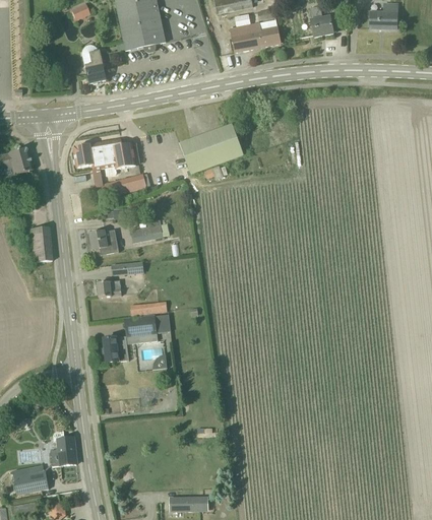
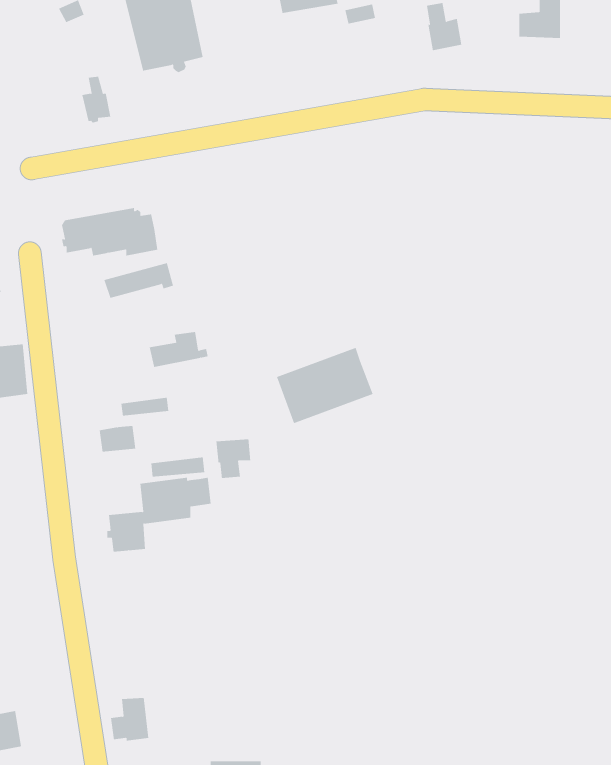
building: [231,20,283,51] -> none
building: [181,123,244,173] -> [276,347,373,424]
building: [90,230,120,254] -> none
building: none -> [216,438,251,479]
building: [52,436,77,464] -> [110,697,149,741]

